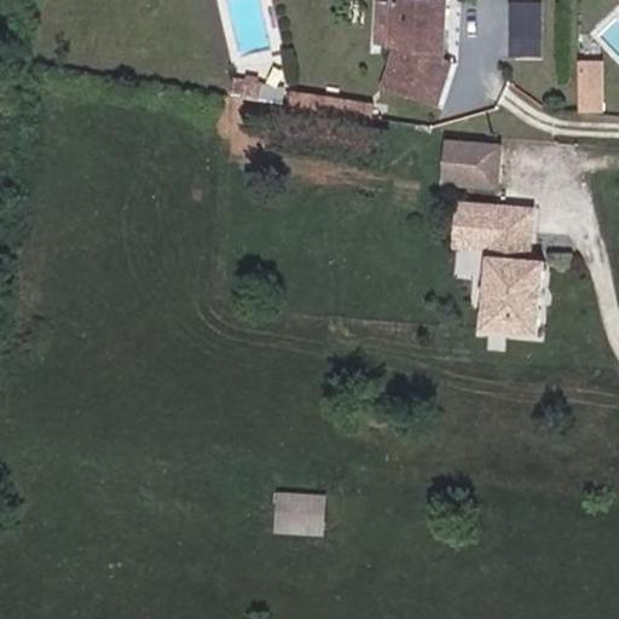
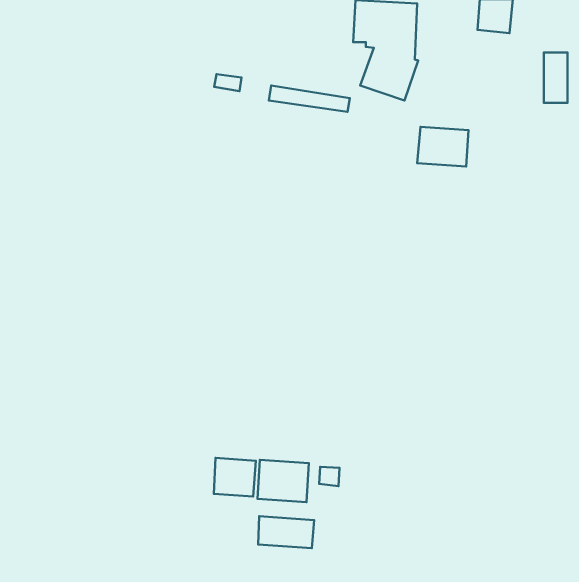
building: [457,206,540,335] -> none
building: none -> [214,458,256,497]
building: none -> [258,516,314,548]

